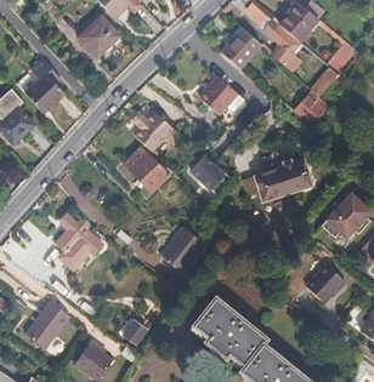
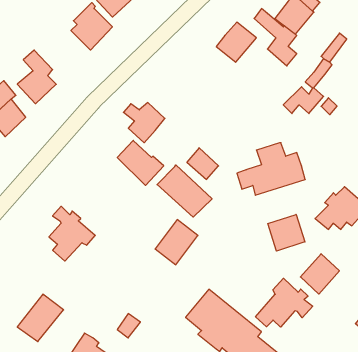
building: [200,75,244,114] -> none
building: none -> [157,165,212,217]
building: none -> [268,214,305,251]
building: none -> [256,278,313,327]

